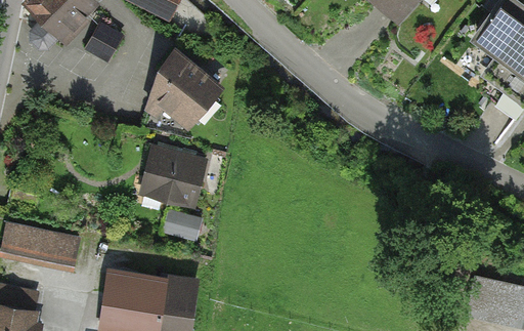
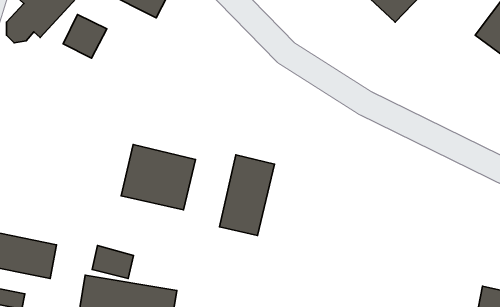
building: [140,51,223,133] -> none
building: none -> [219,155,275,236]
building: [163,211,202,242] -> [92,246,134,278]

